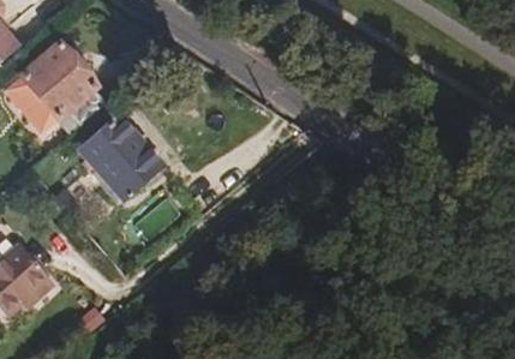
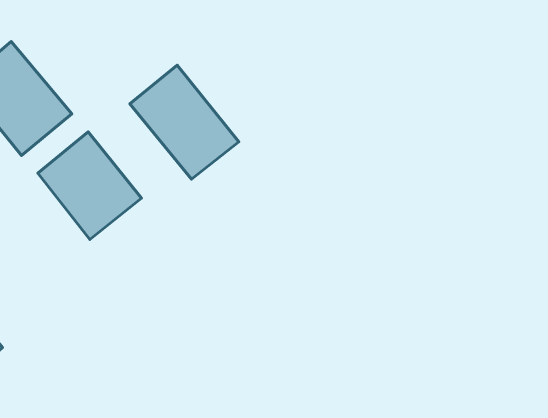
building: none -> [130,65,239,179]

